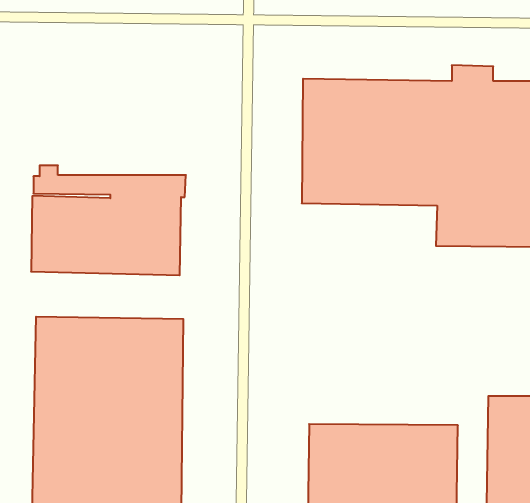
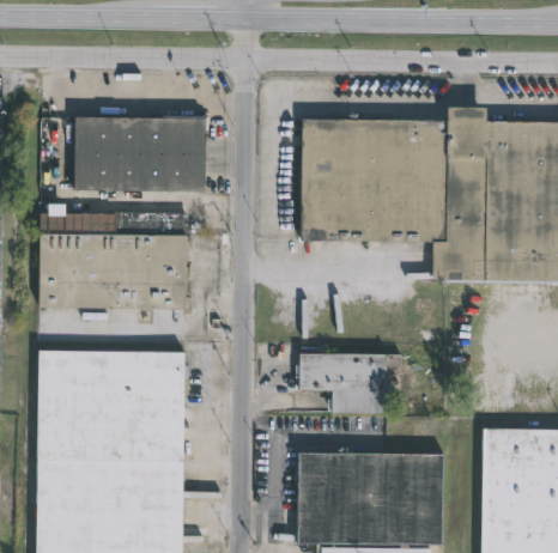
building: none -> [72,115,205,190]
building: none -> [293,353,404,413]

